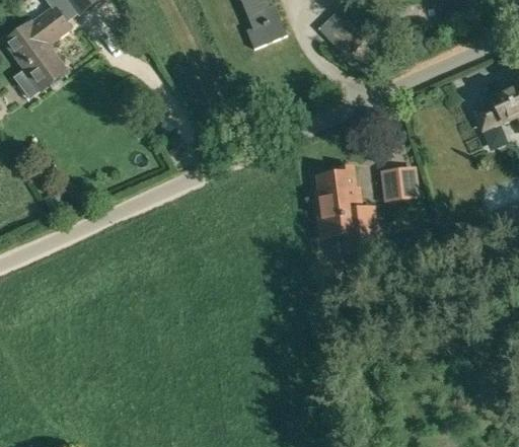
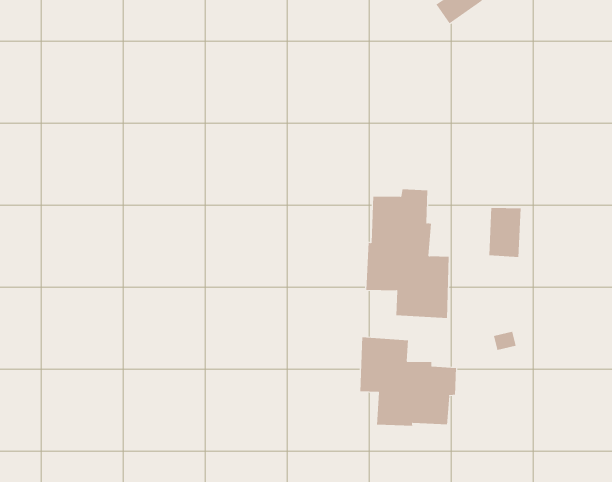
building: none -> [360,337,456,427]

